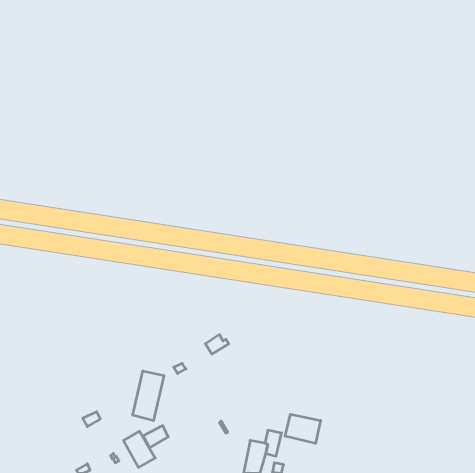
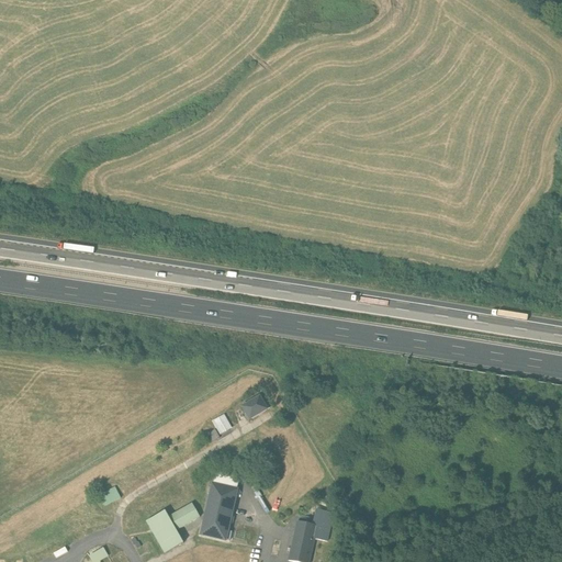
building: [132,371,164,420] -> [201,483,238,541]
building: [285,414,321,443] -> none

